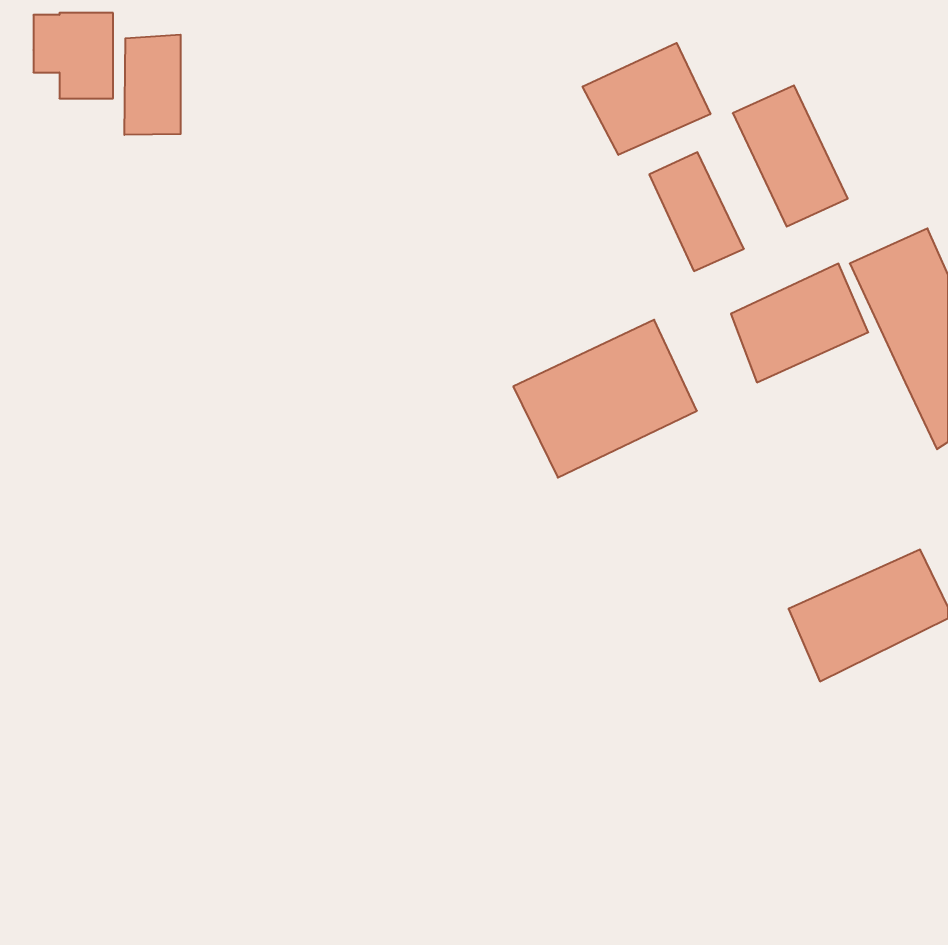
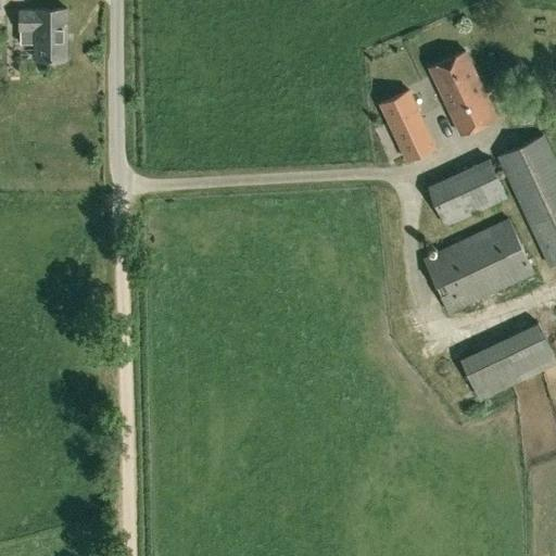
building: [124,35,181,135] -> none
building: [583,43,710,155] -> none
building: [513,320,697,478] -> [425,219,532,312]

